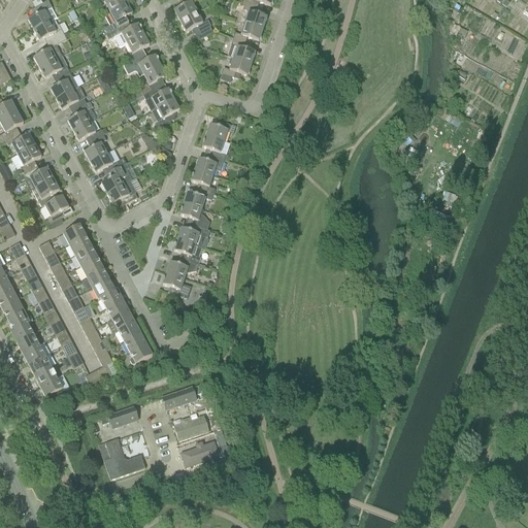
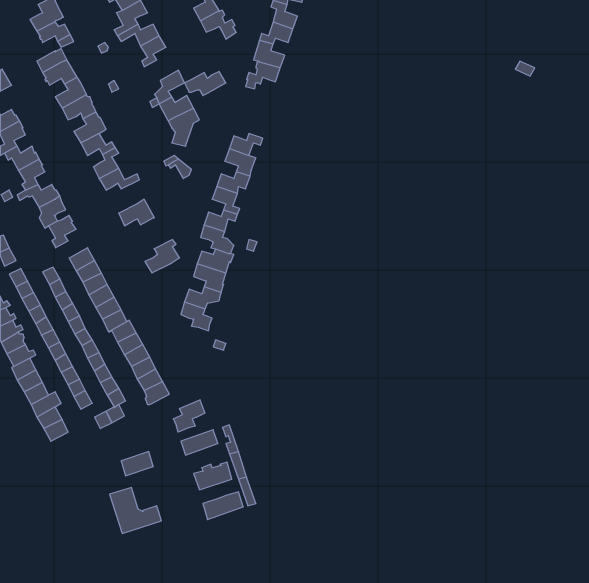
building: [123,53,160,74] -> [184,71,226,96]
building: [100,161,131,191] -> [145,240,180,273]
building: none -> [173,400,205,432]

